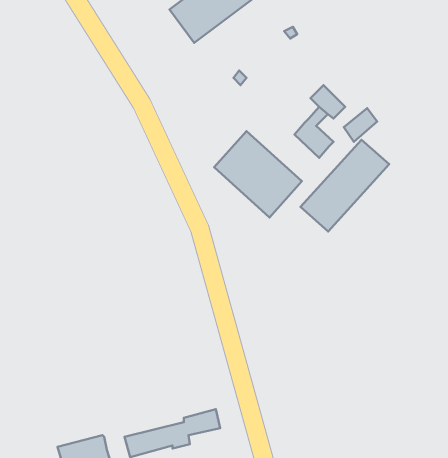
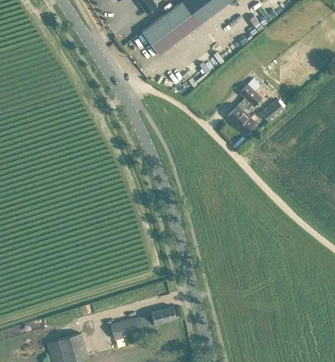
building: [214,131,302,217] -> none
building: [301,140,389,231] -> none

